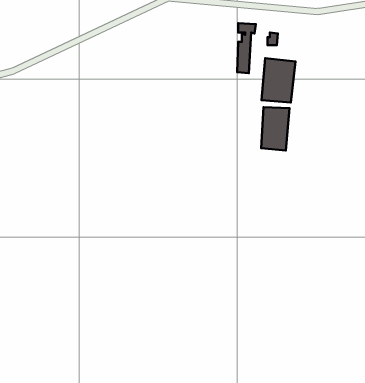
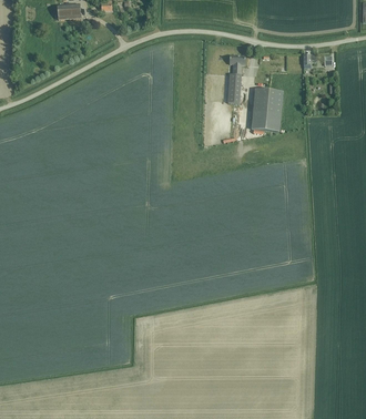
building: [261,107,289,150] -> none

